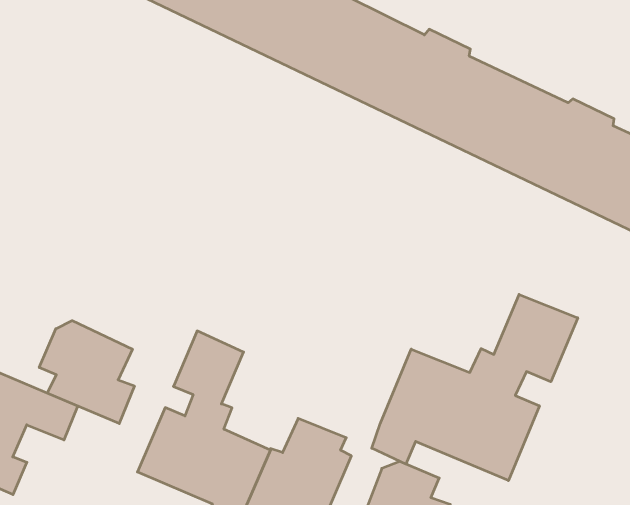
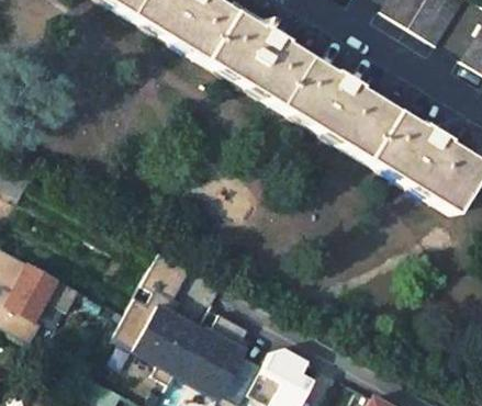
building: [372,294,578,481] -> none
building: [39,321,134,424] -> none

